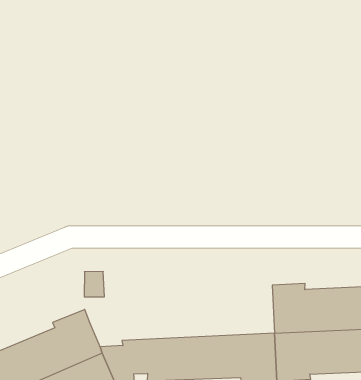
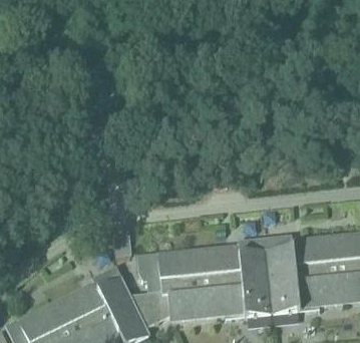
building: none -> [136,238,269,289]

